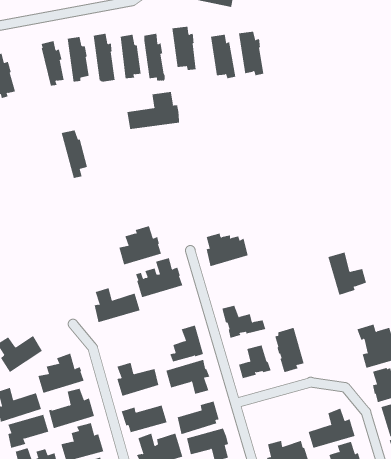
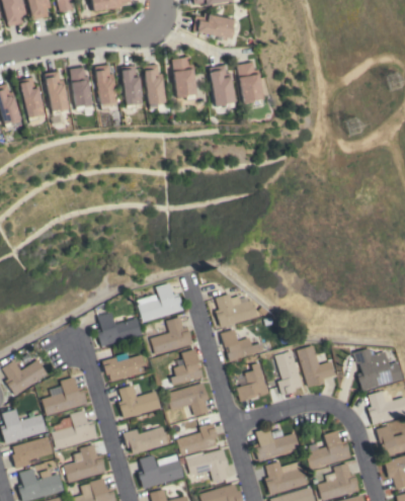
building: [127,91,179,130] -> none
building: [61,130,88,179] -> [18,78,45,126]
building: [118,226,162,265] -> [150,317,192,355]
building: [206,233,248,267] -> [216,295,257,328]
building: [327,252,367,295] -> [297,345,335,388]
building: none -> [102,353,147,383]
building: none -> [253,428,300,462]

